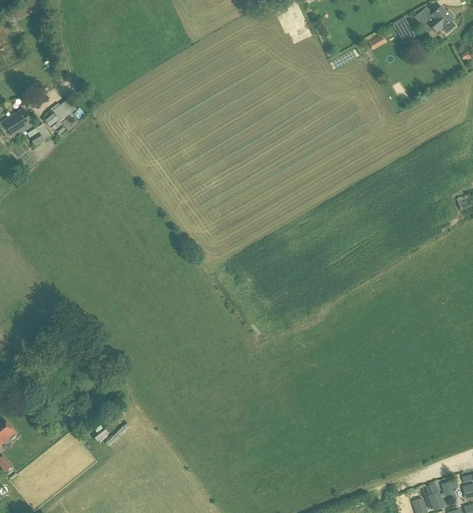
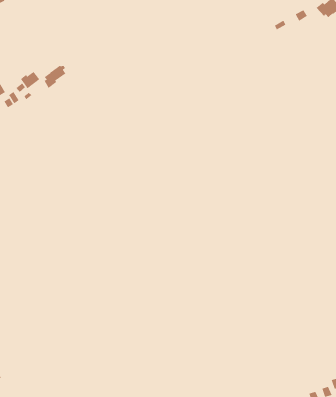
building: none -> [44,65,66,89]

